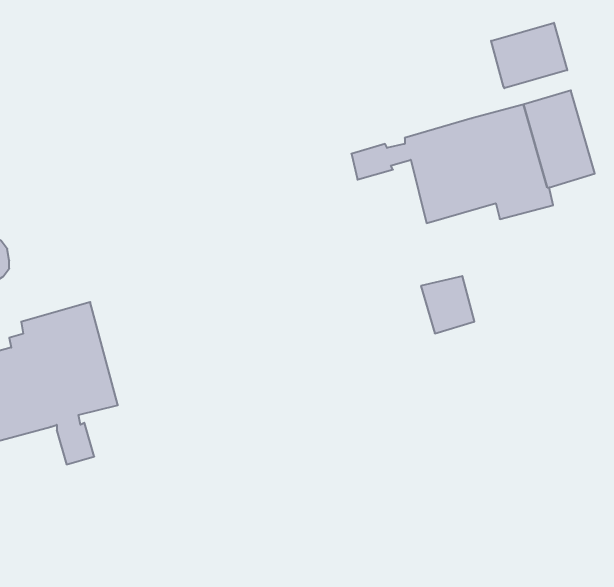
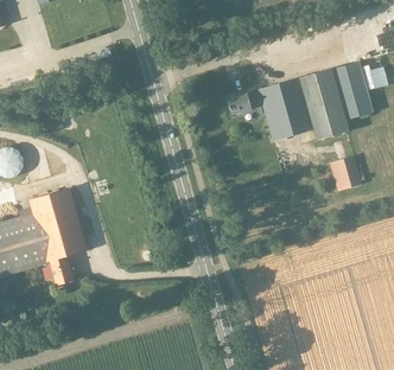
building: [491,23,567,88] -> none
building: [421,276,474,333] -> [329,157,361,191]

